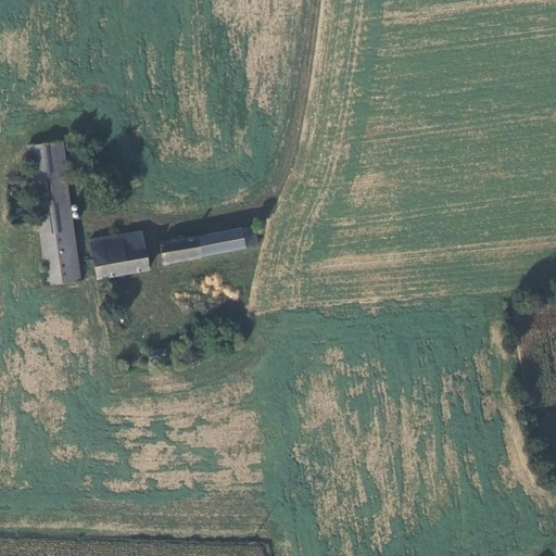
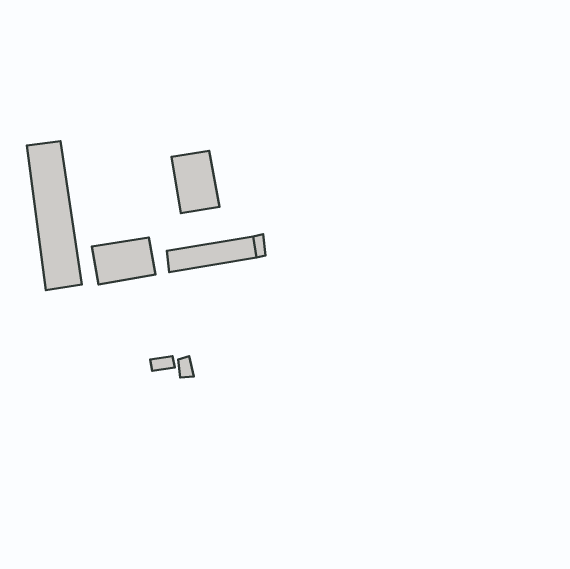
building: none -> [171,151,220,213]

